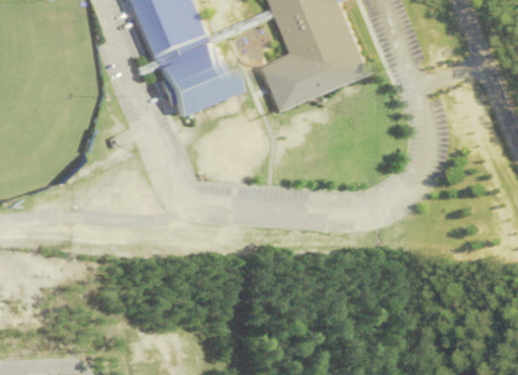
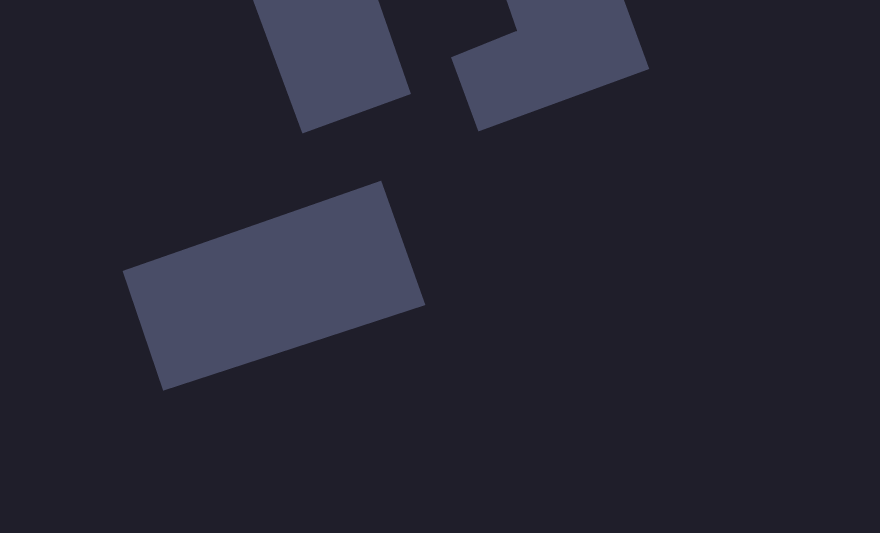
building: none -> [122,180,426,392]

